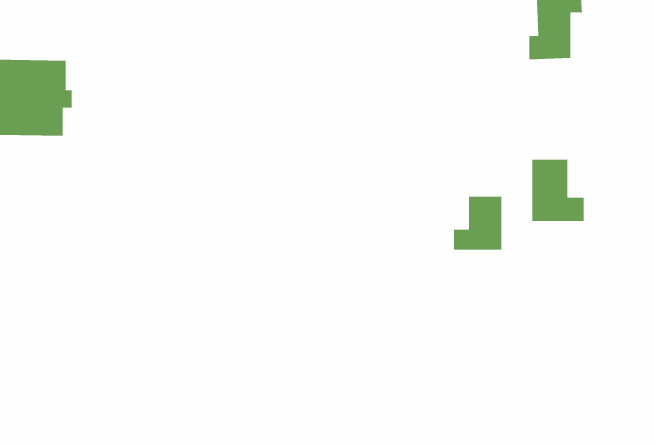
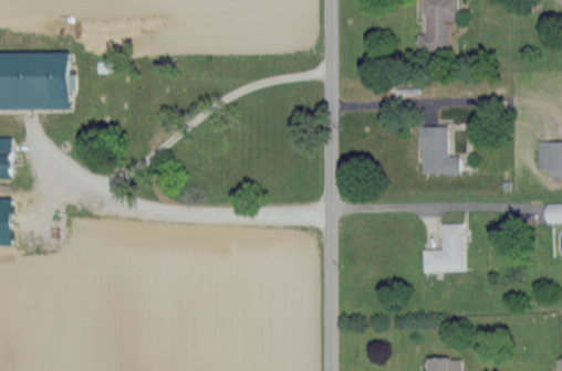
building: [453,196,502,250] -> none
building: none -> [423,224,466,274]

